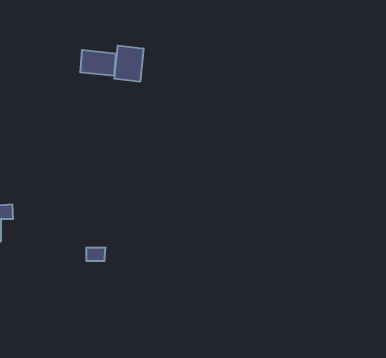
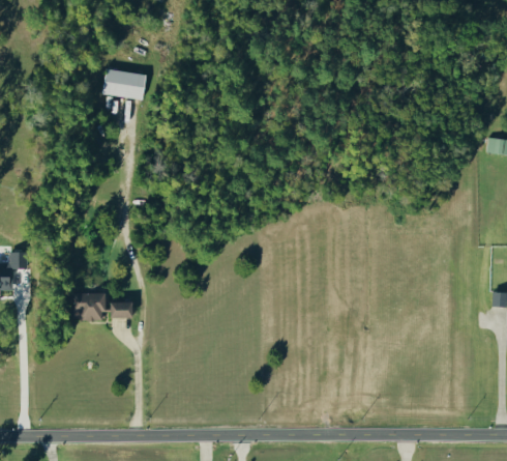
building: [114,45,144,82] -> none
building: none -> [74,292,106,320]

